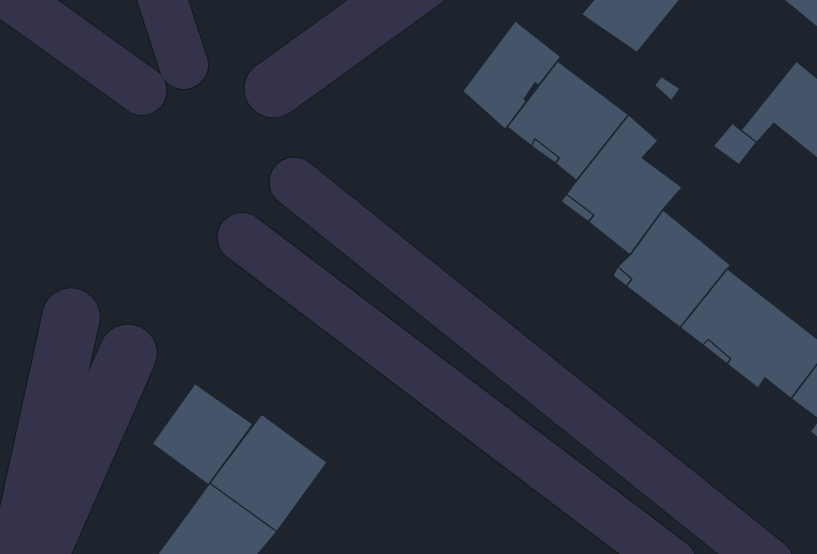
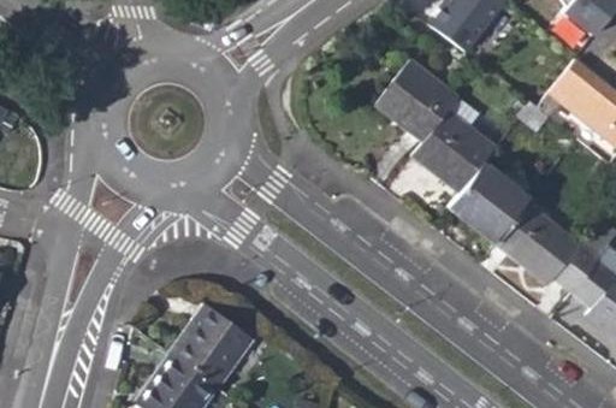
building: [463,21,561,129] -> none
building: [152,384,253,485] -> none

